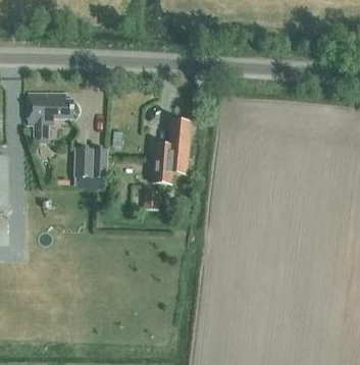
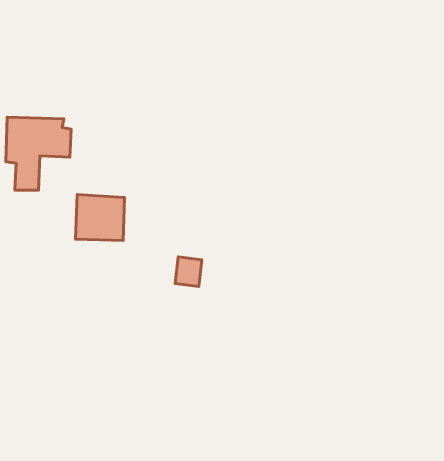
building: [152,120,193,184] -> none

